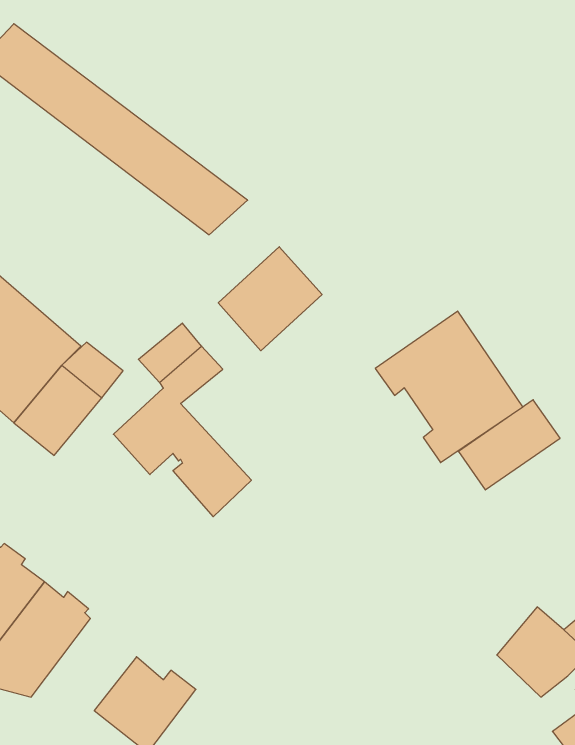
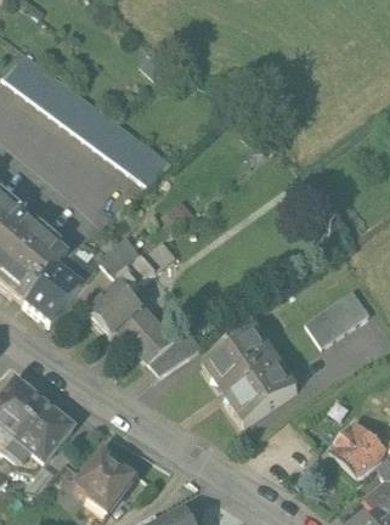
building: [218,247,322,351] -> none
building: [375,311,523,463] -> [204,324,298,420]
building: none -> [151,328,203,373]

